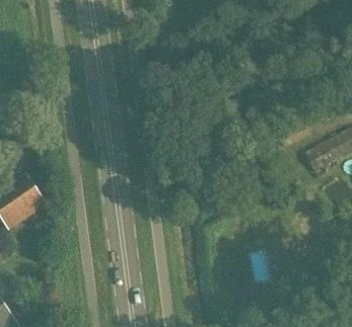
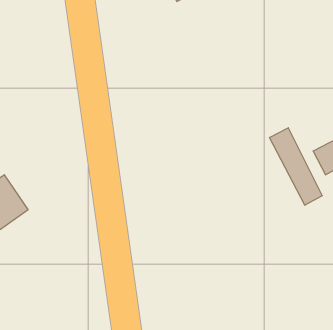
building: none -> [270,128,322,205]

